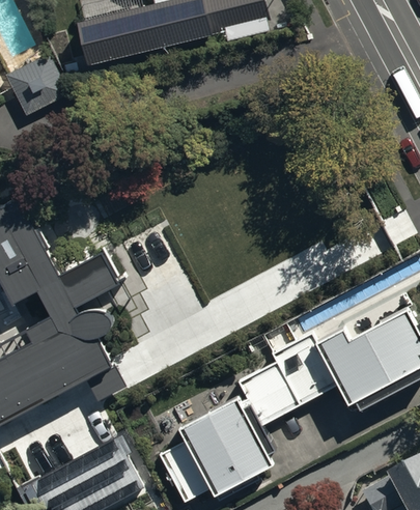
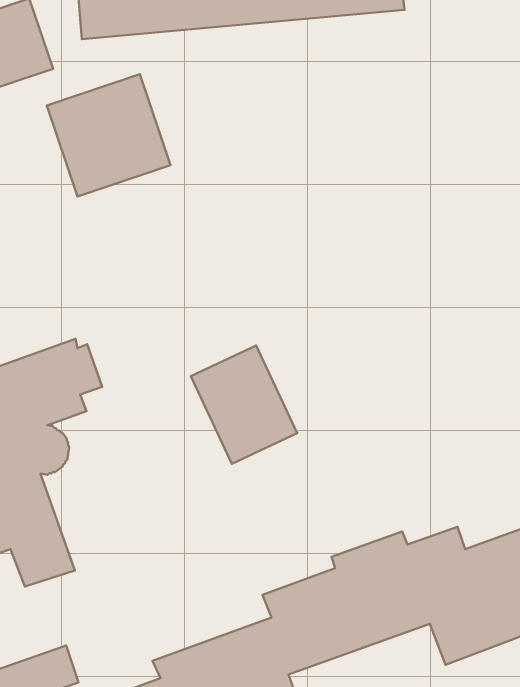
building: none -> [47,74,171,197]
building: none -> [191,345,297,464]

